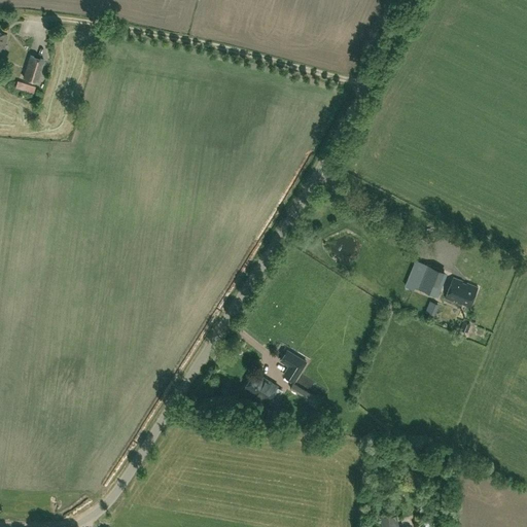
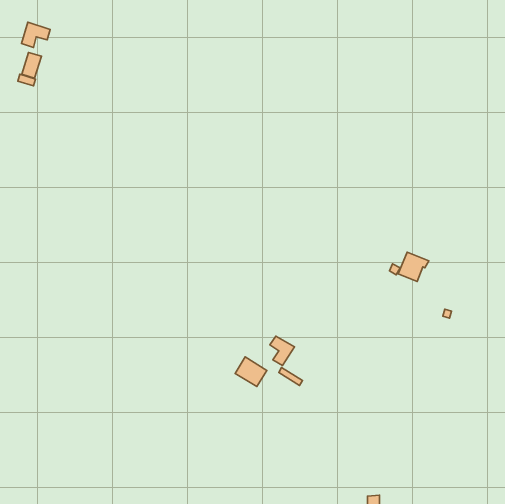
building: none -> [21,22,50,47]
building: [445,278,479,309] -> none

